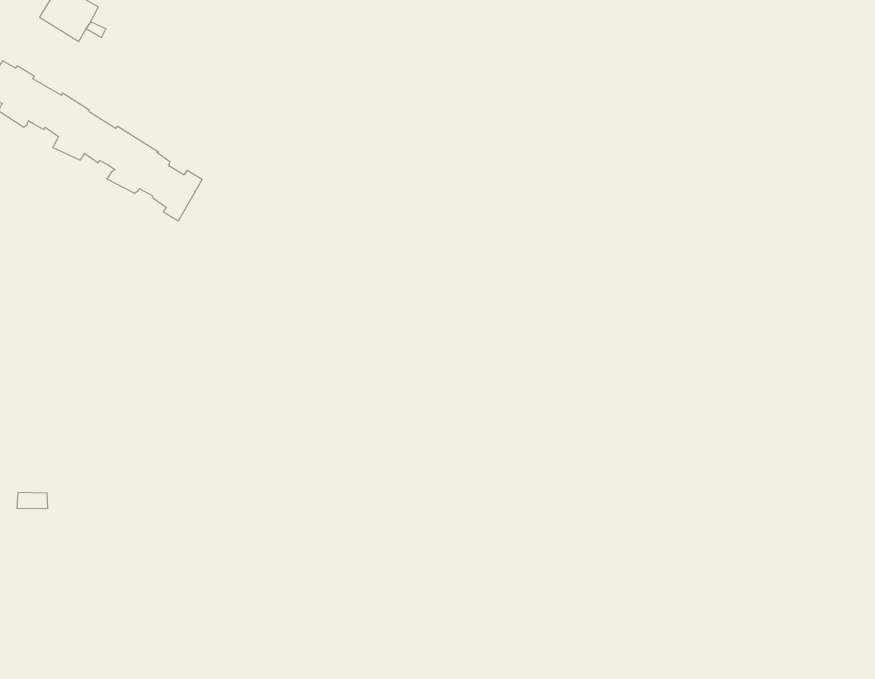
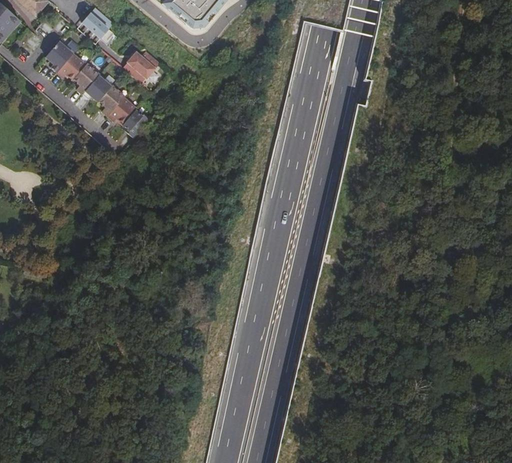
building: none -> [122,49,158,82]

